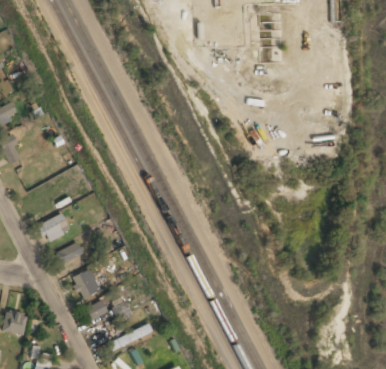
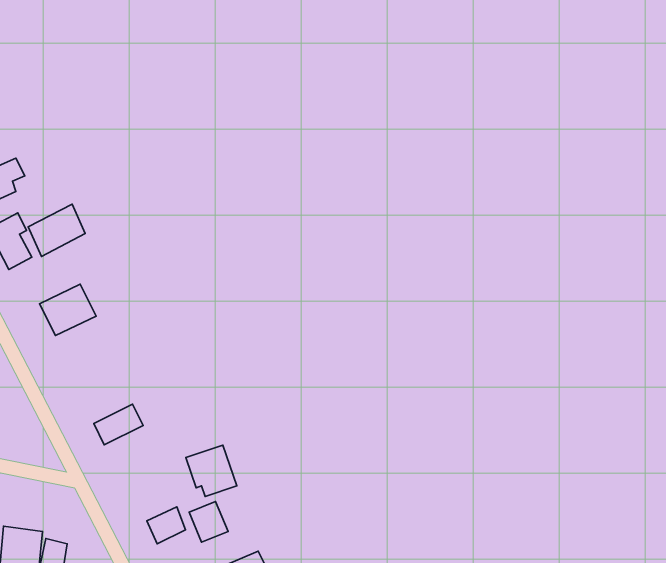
building: none -> [28,204,85,256]
building: [38,214,70,243] -> [40,284,96,336]
building: [71,269,100,298] -> [186,445,237,497]

